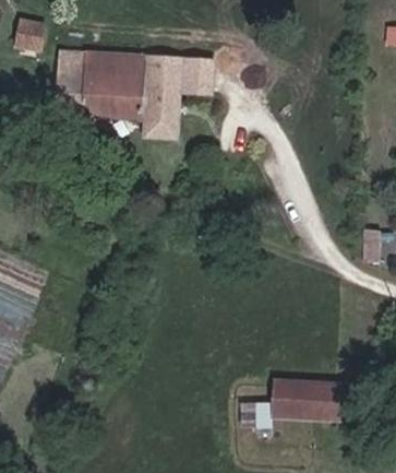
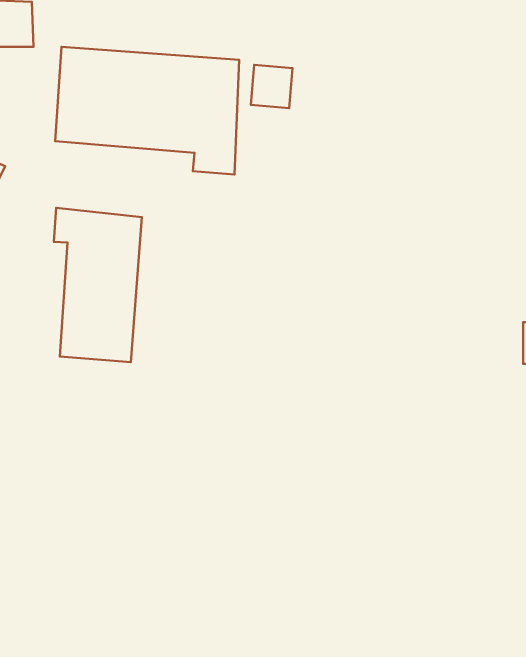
building: none -> [54,208,142,362]
building: [274,379,343,418] -> none

